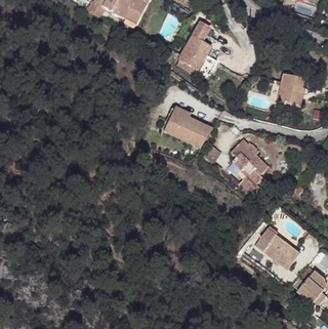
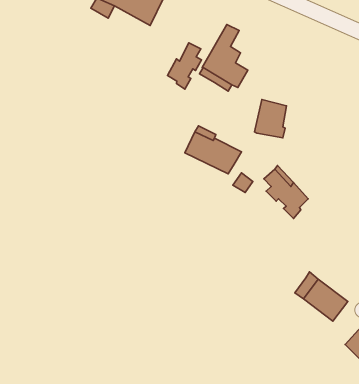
building: none -> [168,43,202,89]
building: [278,73,304,105] -> [254,100,286,138]

